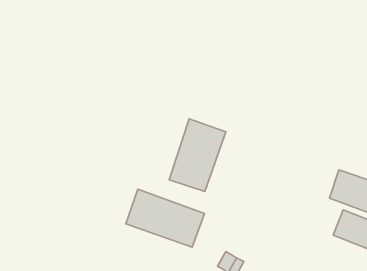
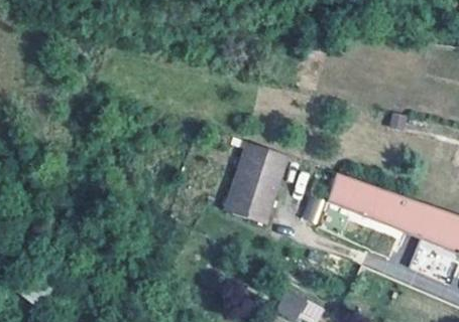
building: none -> [326,170,415,233]
building: [126,189,204,247] -> none

